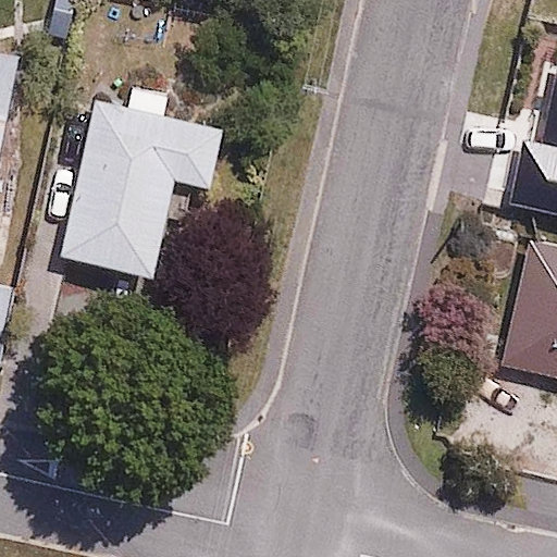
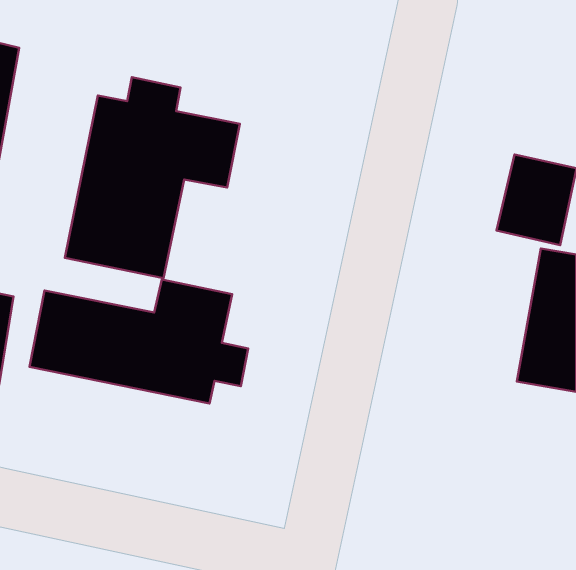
building: none -> [29,279,248,403]

